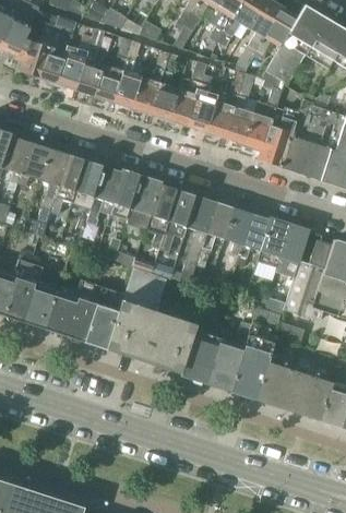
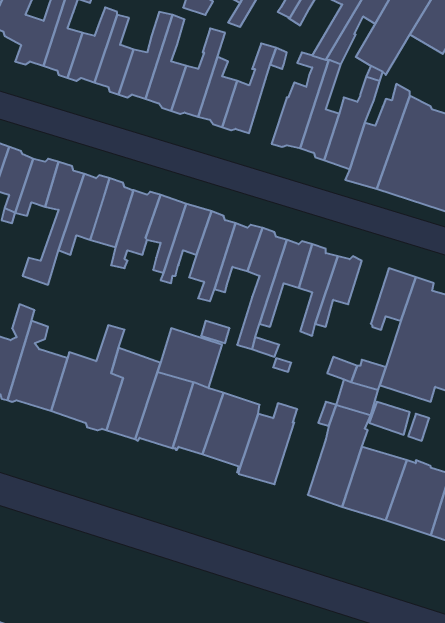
building: [188,86,215,133] -> none
building: [259,218,289,265] -> none
building: [206,336,244,389] -> none

